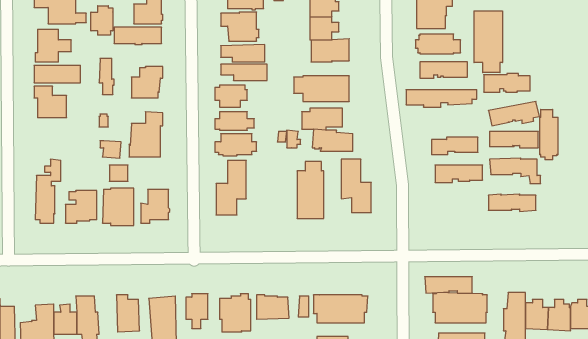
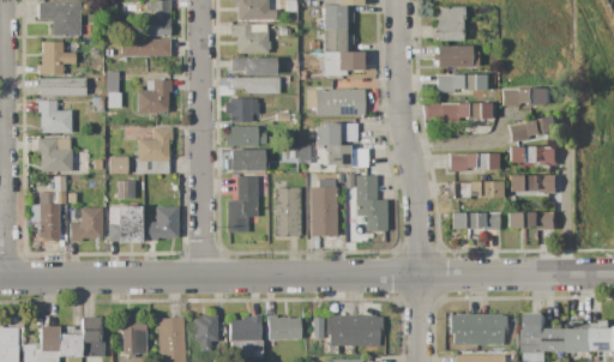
building: [91,6,113,35] -> none
building: [474,11,502,73] -> none
building: [540,109,558,160] -> none
building: none -> [38,138,73,170]
building: none -> [273,186,301,236]
building: [425,277,472,293] -> [451,212,500,229]

